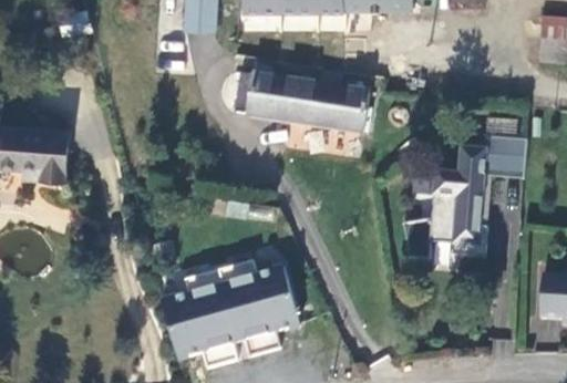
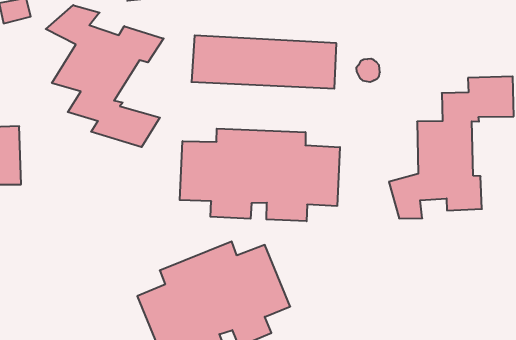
building: none -> [46,5,164,147]
building: none -> [180,129,340,221]

